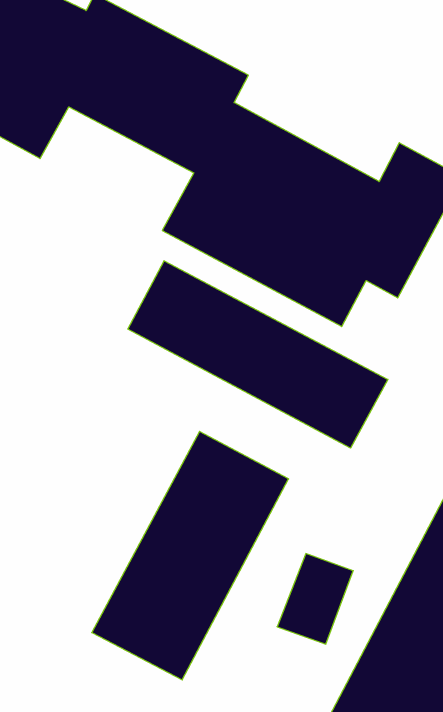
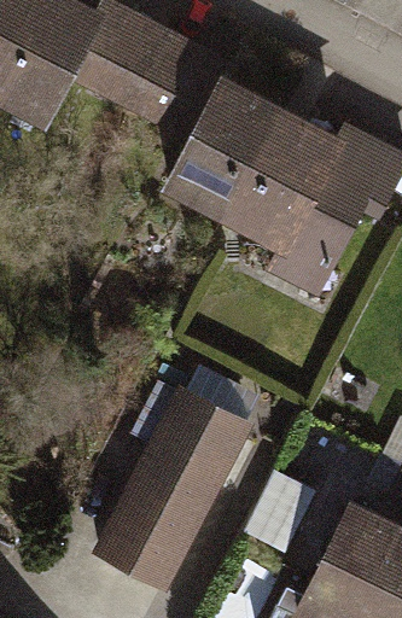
building: [128,261,388,448] -> none

